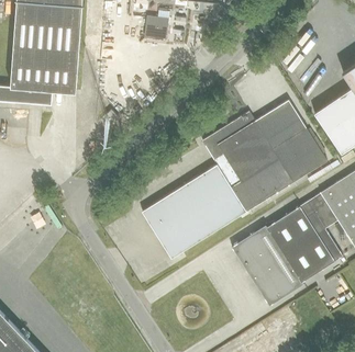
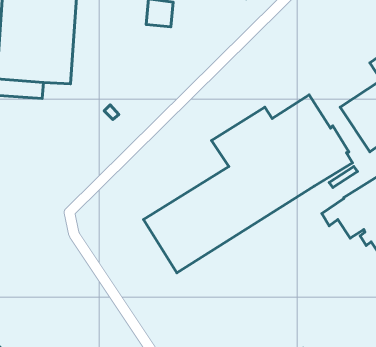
building: [232,206,343,306] -> none

